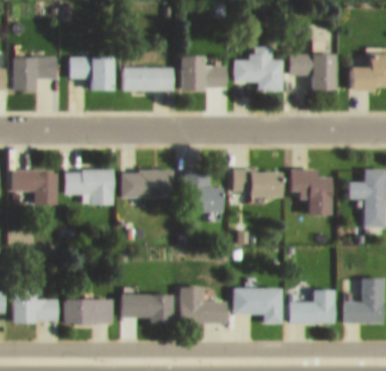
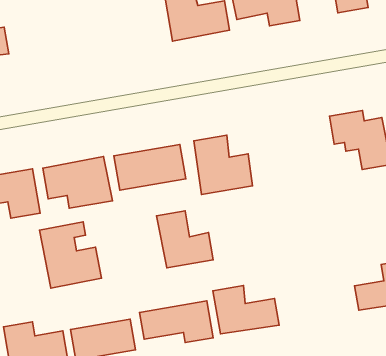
building: [67,55,116,91] -> none
building: [123,66,172,91] -> none
building: [232,171,282,196] -> none
building: none -> [40,222,101,288]
building: none -> [156,211,213,268]
building: [232,289,282,323] -> none

